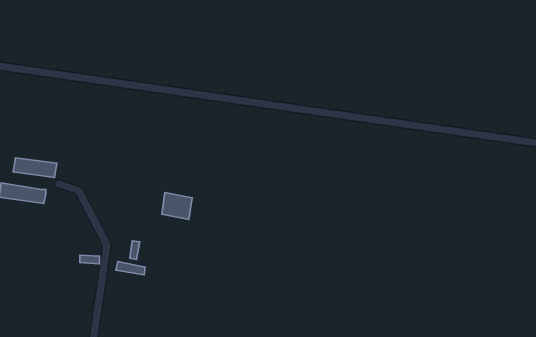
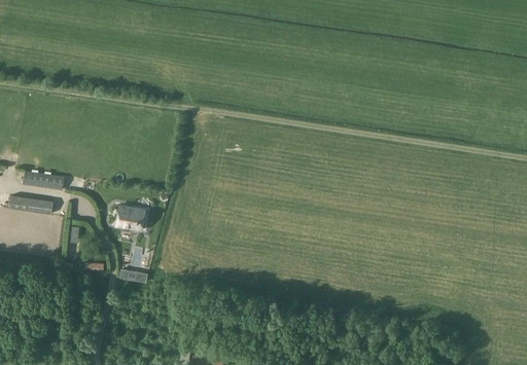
building: [162,192,192,220] -> [116,205,145,230]

